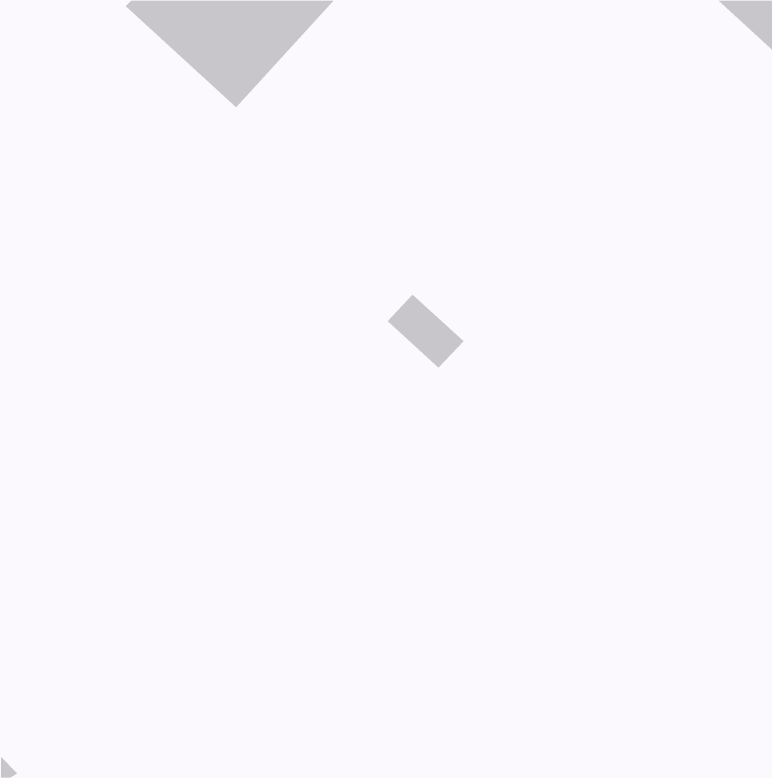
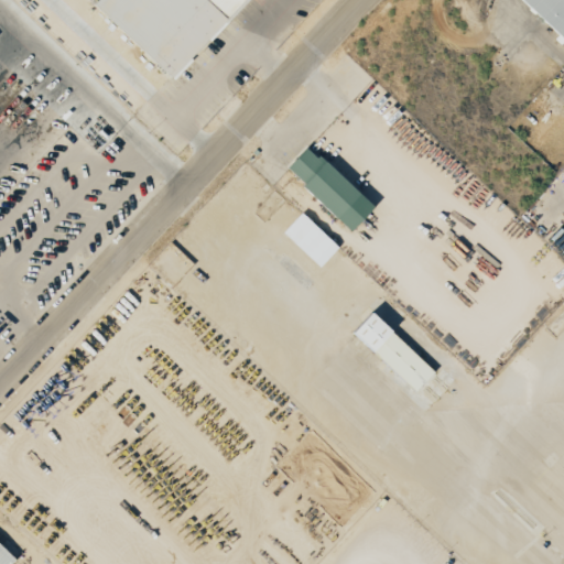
building: none -> [286,145,373,230]
building: none -> [352,312,436,392]

